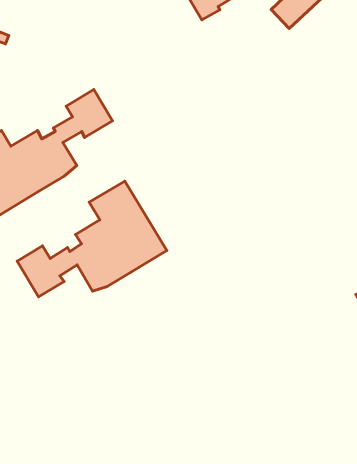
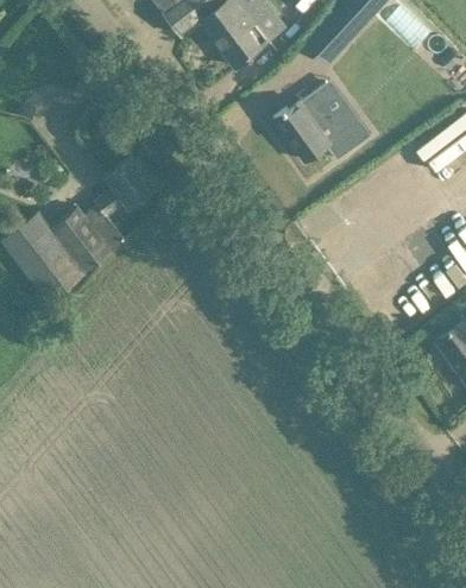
building: none -> [276,82,359,160]
building: [17,181,167,297] -> none

